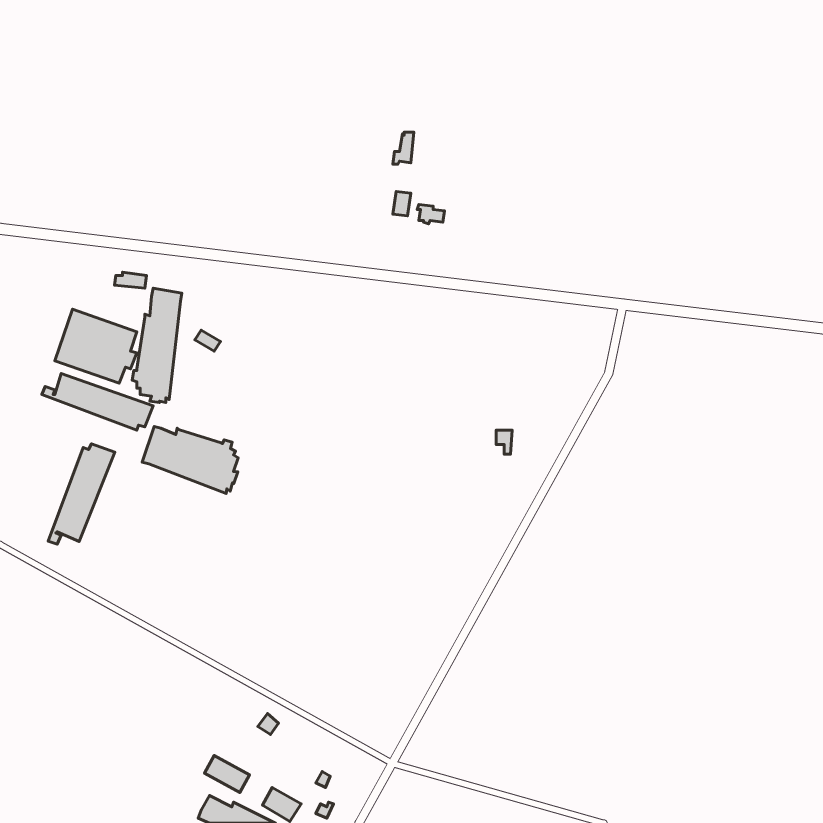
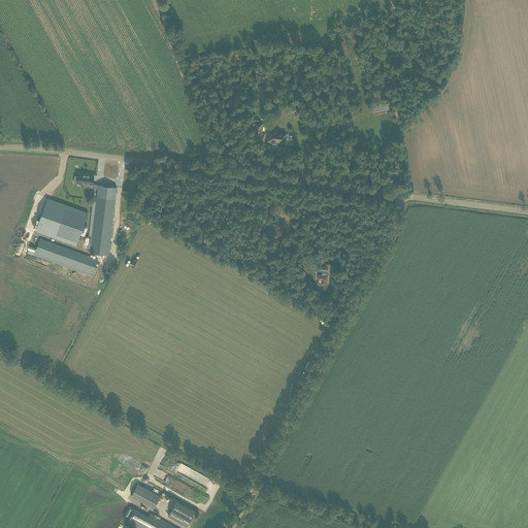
building: [142,426,238,493] -> none
building: [48,444,115,544] -> none

